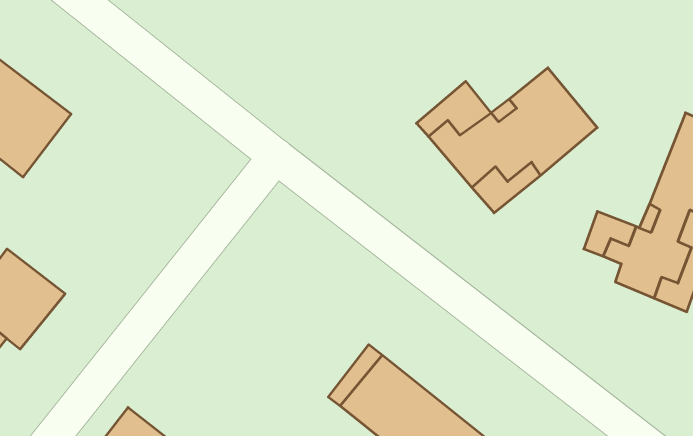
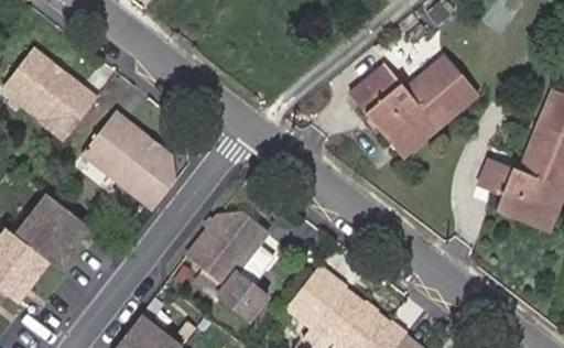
building: none -> [83,110,172,207]
building: none -> [188,207,271,313]

